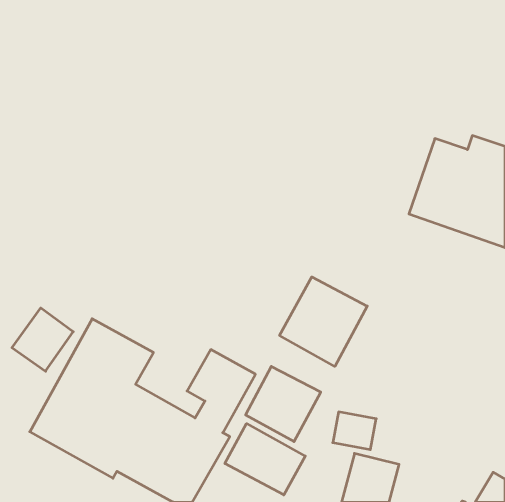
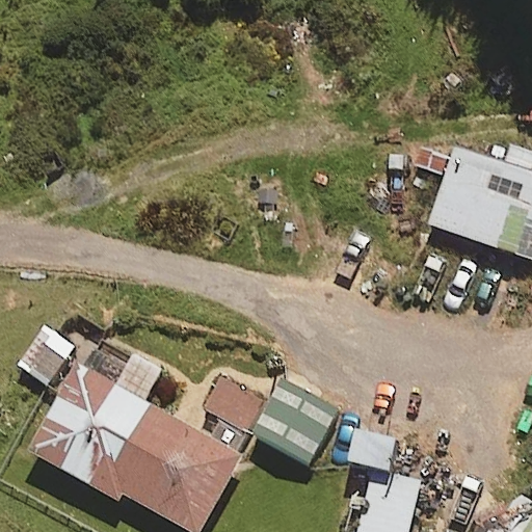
building: [280,277,367,366] -> none
building: [225,424,305,495] -> none

